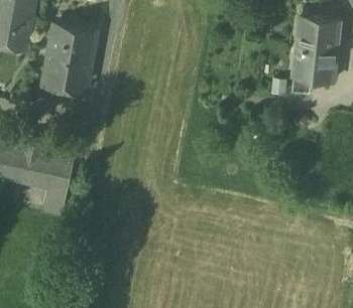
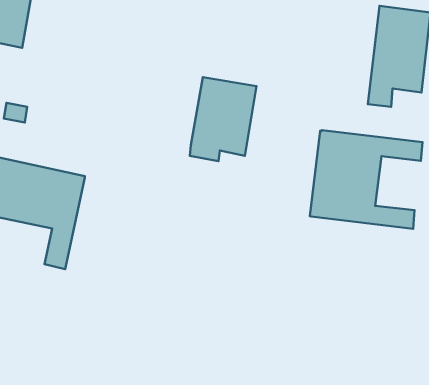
building: [44,25,96,90] -> [190,77,256,161]
building: none -> [310,130,422,229]

